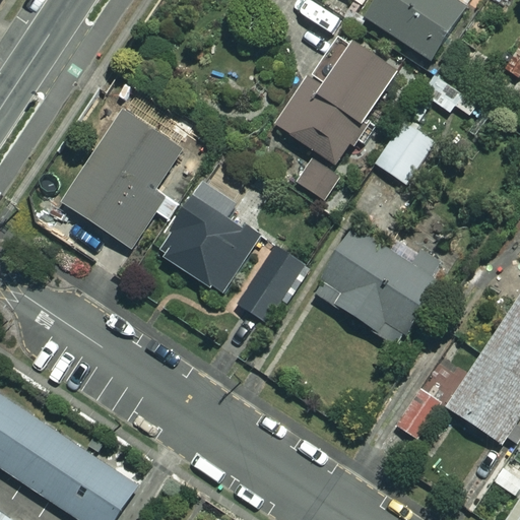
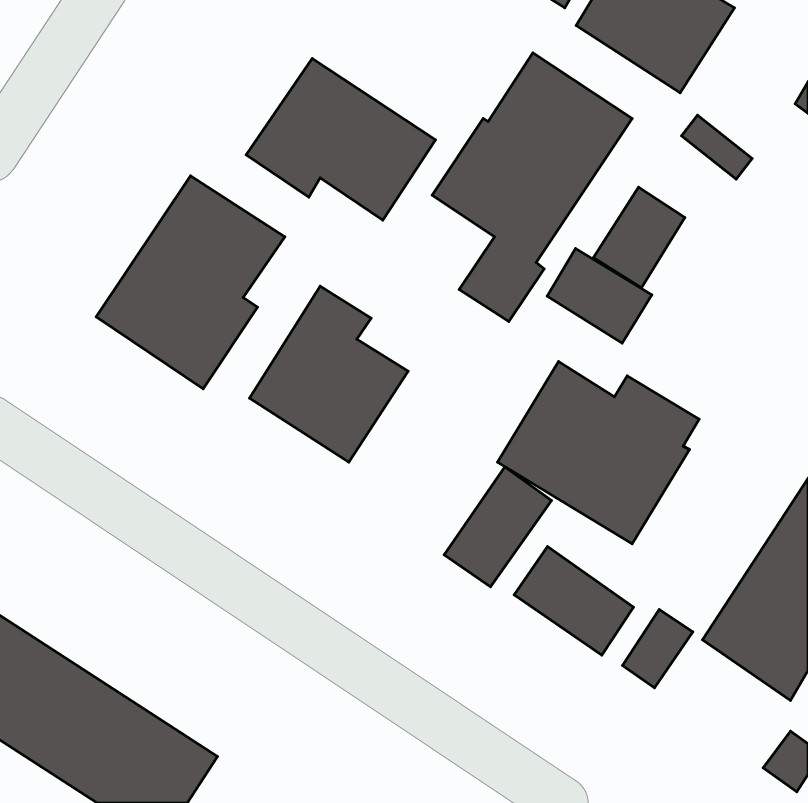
building: none -> [246,58,436,220]
building: none -> [547,248,652,343]
building: [237,245,305,321] -> [444,467,551,587]
building: none -> [514,547,633,655]

